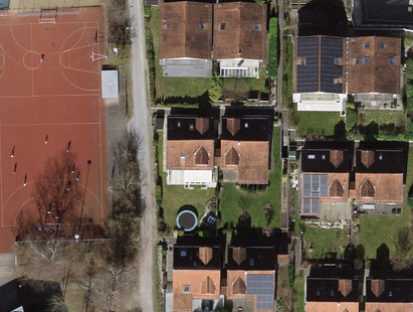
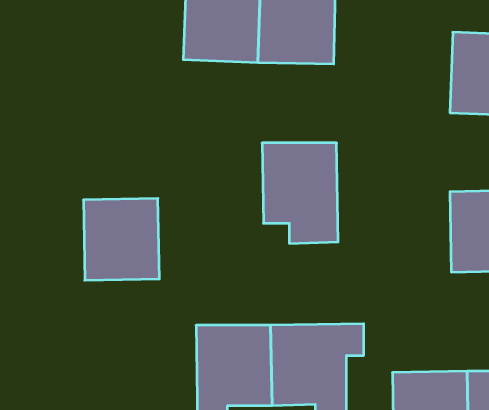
building: [295,36,350,94] -> none
building: [164,115,217,172] -> [83,198,159,280]
building: [295,149,349,217] -> none

